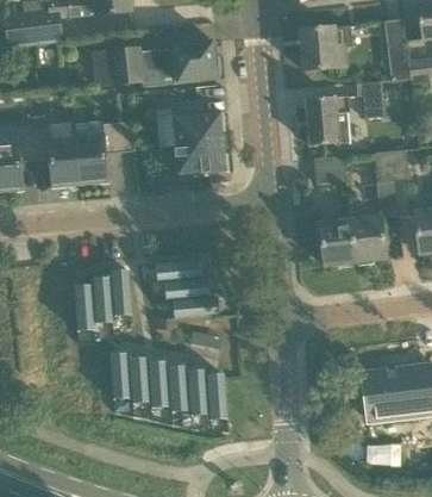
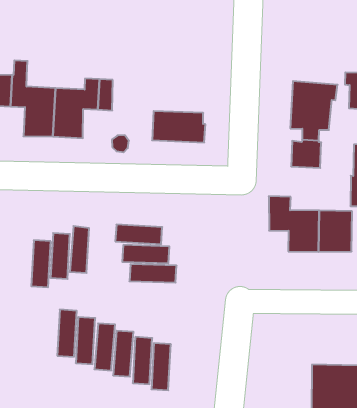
building: [301,24,351,69] -> none
building: [111,39,221,86] -> none
building: [171,99,225,145] -> none

